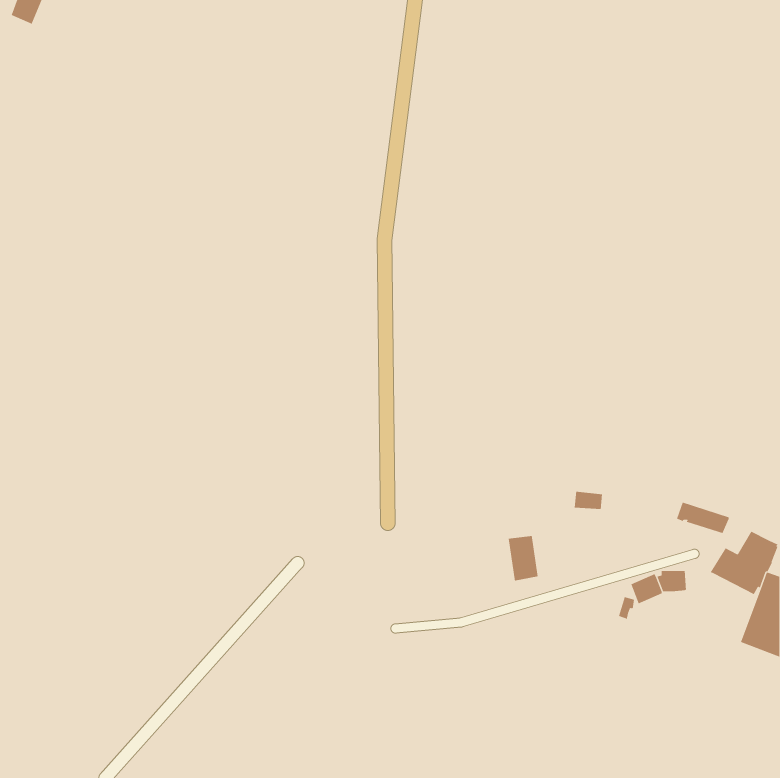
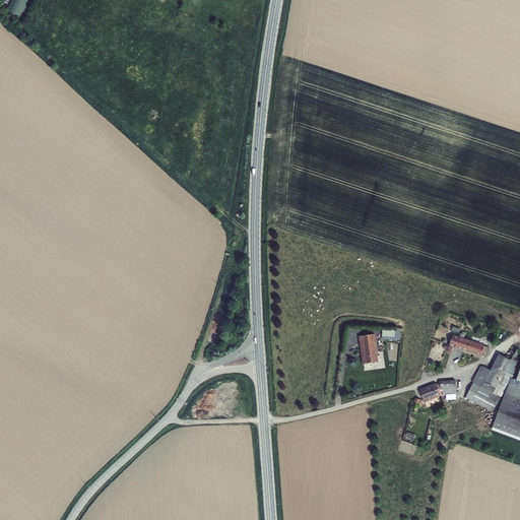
building: [508,535,539,581] -> [359,333,379,364]
building: none -> [466,382,502,411]

